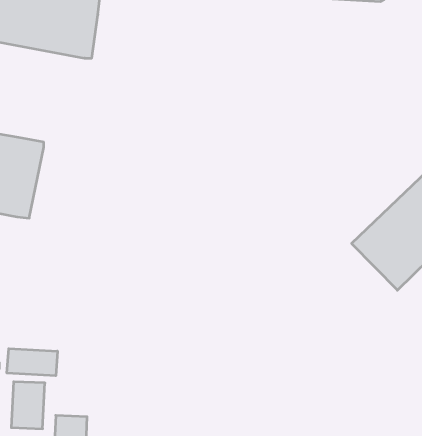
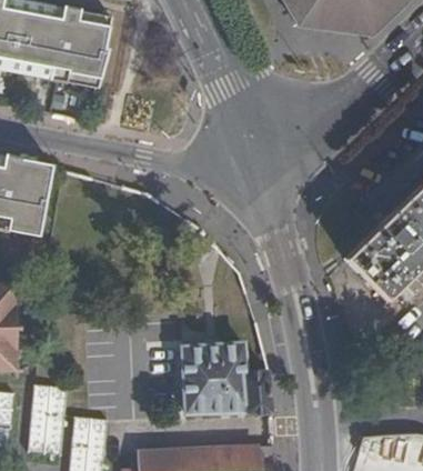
building: none -> [183,343,271,415]
building: [7,349,57,376] -> none

